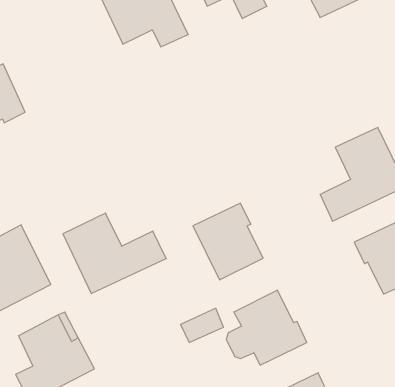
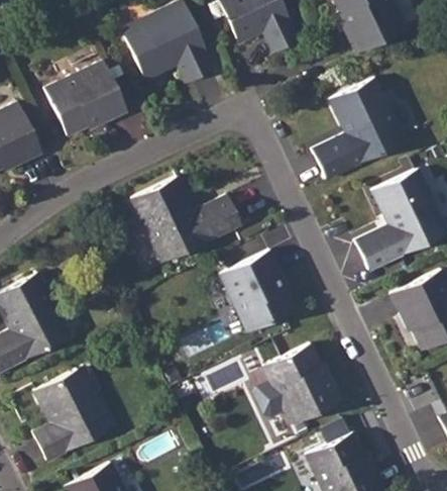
building: none -> [44,62,126,136]
building: none -> [310,78,403,179]
building: [63,213,166,294] -> [130,176,240,262]

